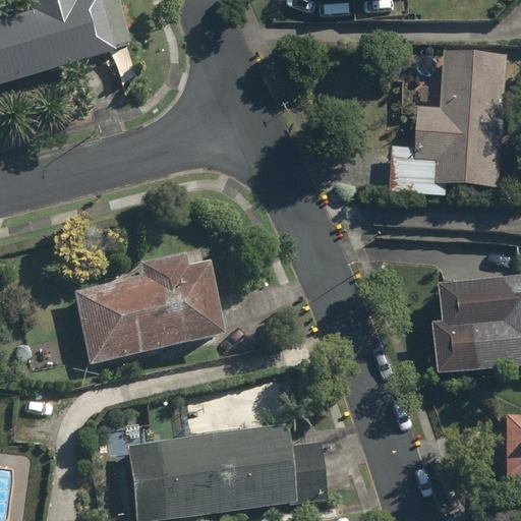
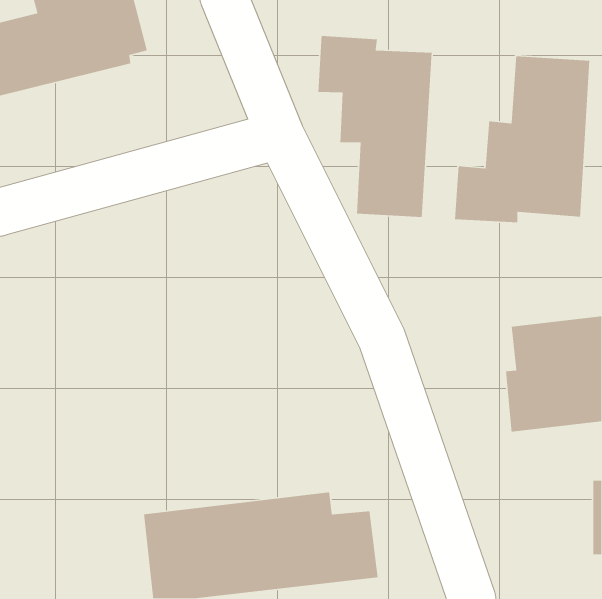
building: none -> [317,35,433,218]
building: [71,248,225,364] -> none

